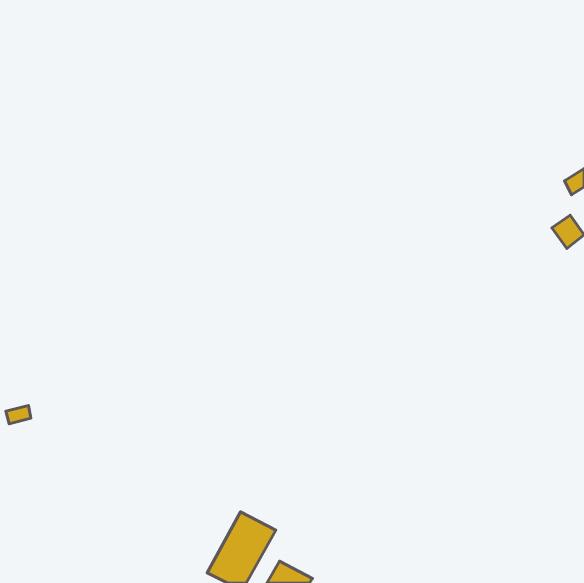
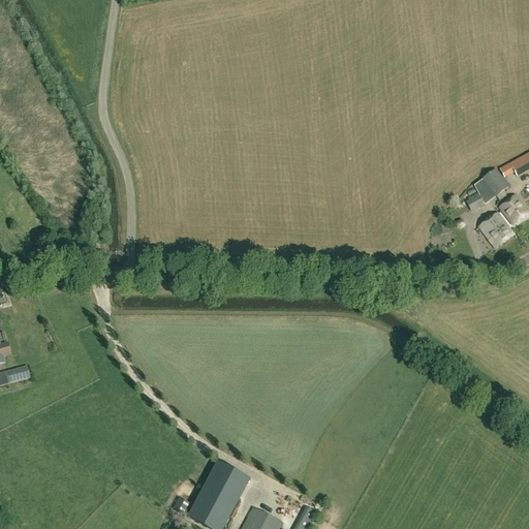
building: none -> [465,168,507,211]
building: none -> [478,213,514,248]

